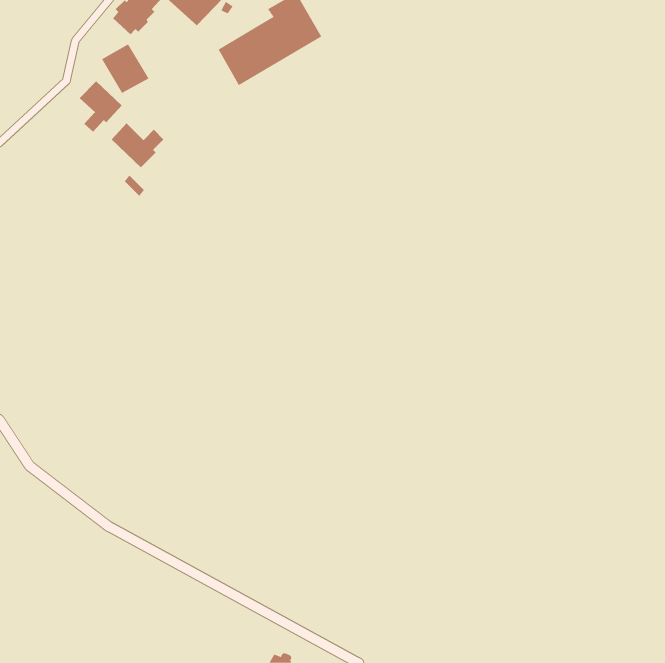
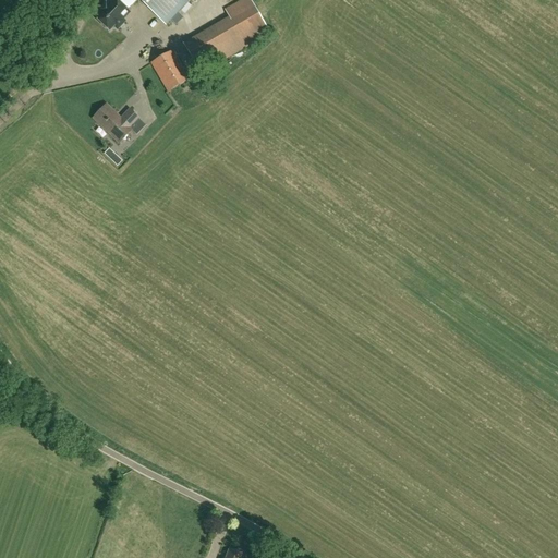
building: [101,43,149,94] -> [149,48,190,90]
building: [79,81,122,133] -> none

